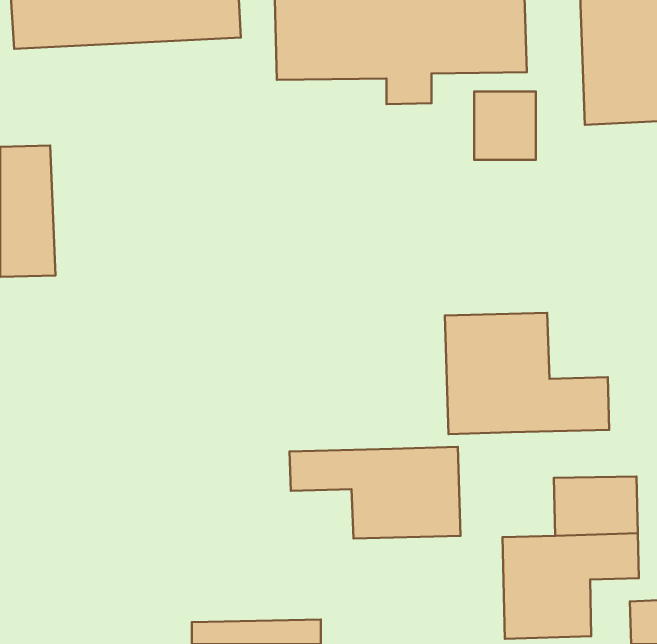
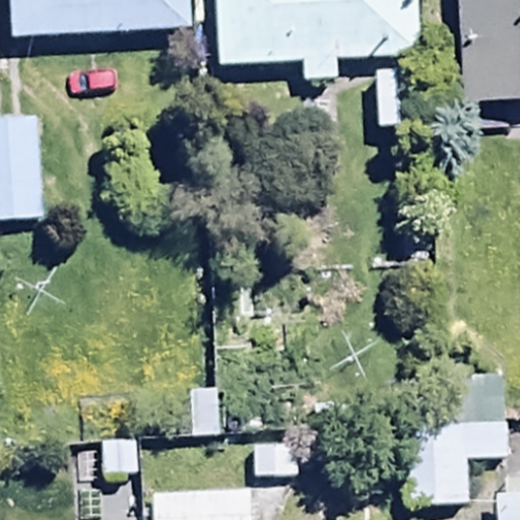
building: [445,313,609,434] -> none
building: [290,447,461,539] -> none

